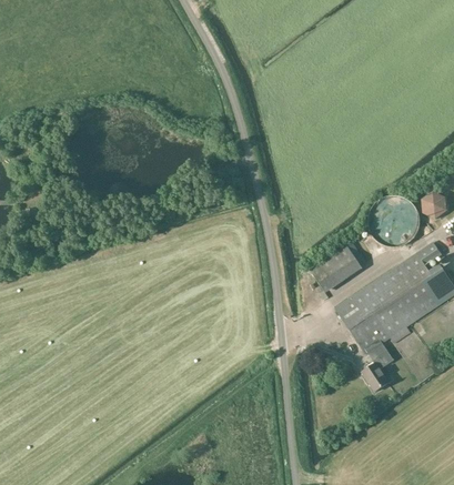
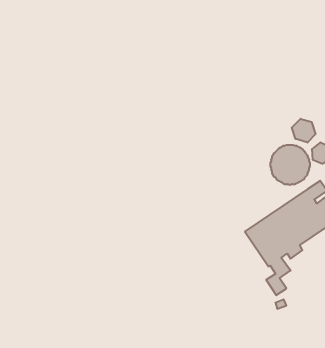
building: none -> [292,119,316,143]
building: [310,242,365,292] -> none

